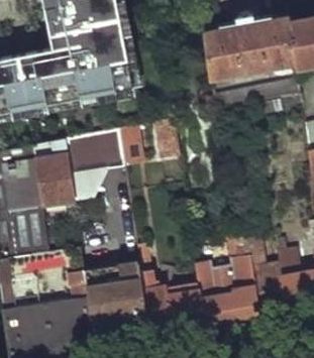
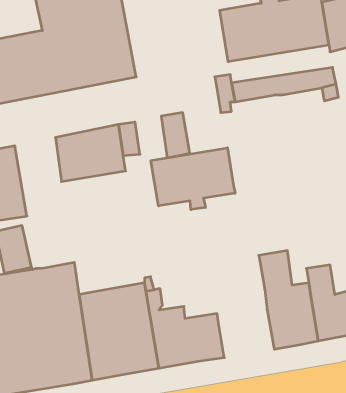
building: [29,140,73,207] -> none
building: none -> [151,148,235,210]
building: [197,236,249,327] -> none

